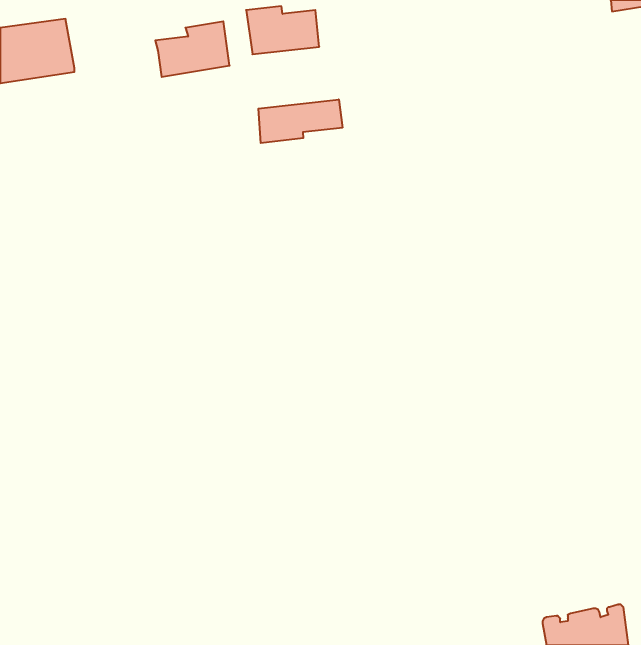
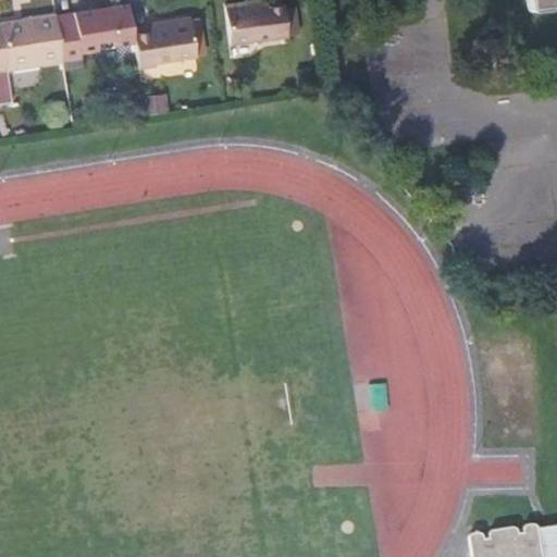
building: none -> [60,4,139,59]
building: [258,99,342,143] -> none

